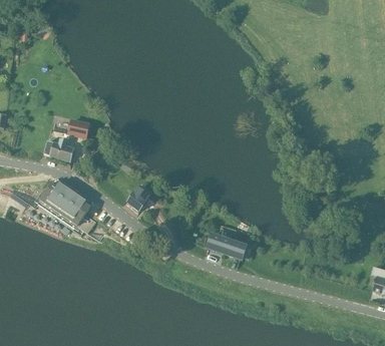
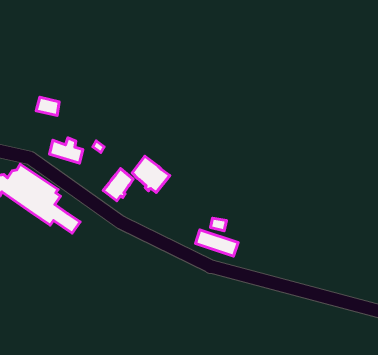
building: [44,138,73,160] -> [49,138,83,163]
building: none -> [132,156,170,193]

